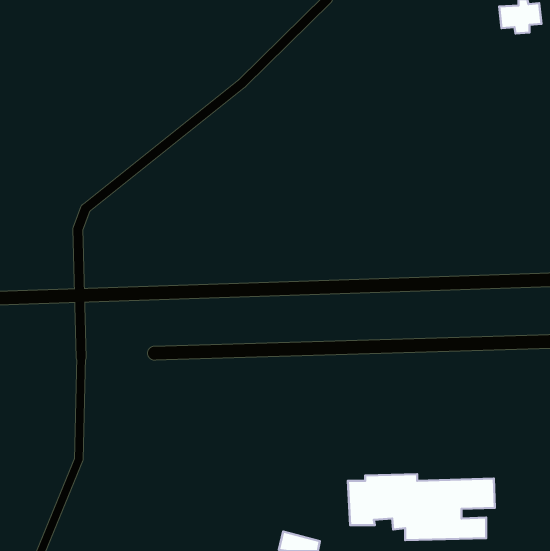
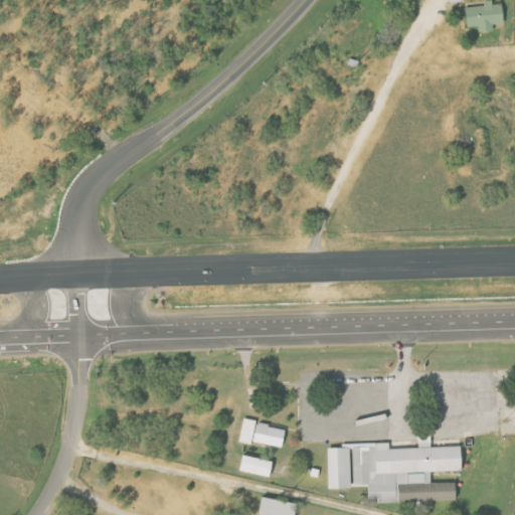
building: none -> [238,419,286,448]
building: none -> [239,454,274,477]

